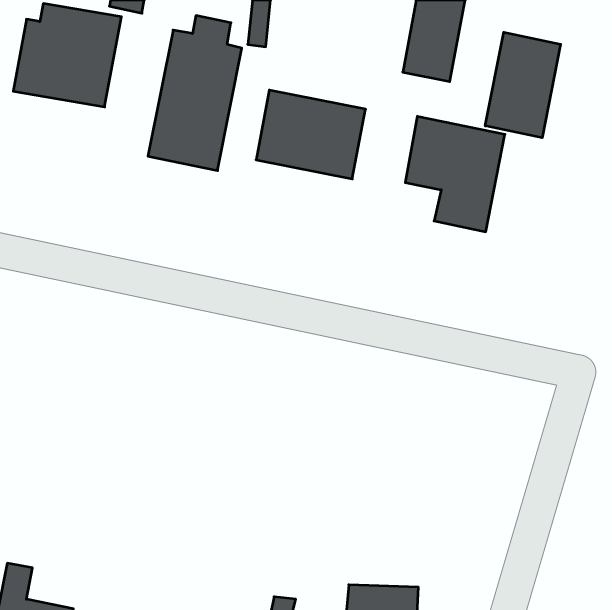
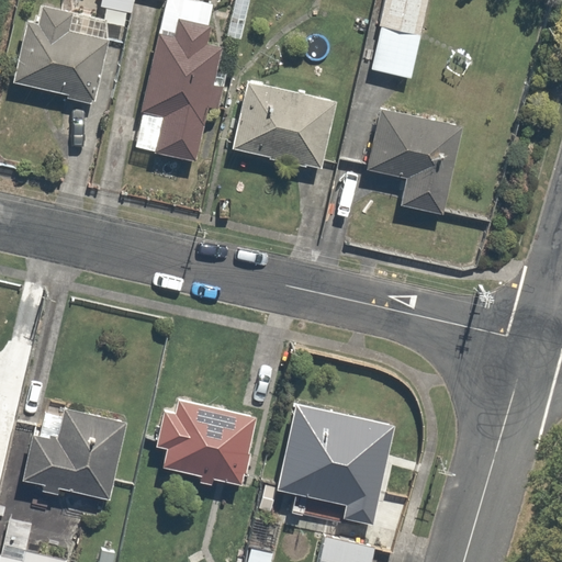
building: [485,32,561,138] -> none
building: none -> [155,401,258,490]
building: none -> [278,404,382,527]
building: none -> [20,408,126,501]

